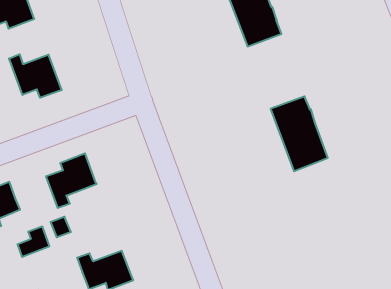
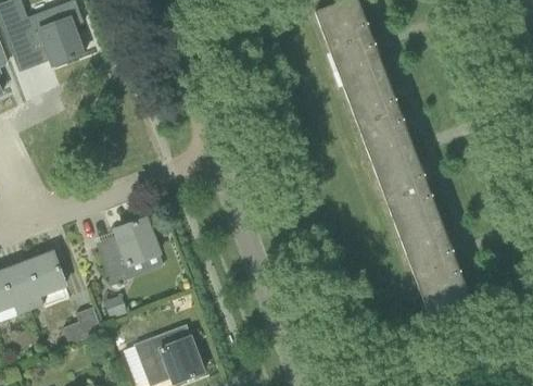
building: none -> [343,71,413,162]
building: [9,54,62,98] -> none
building: none -> [399,222,470,313]

